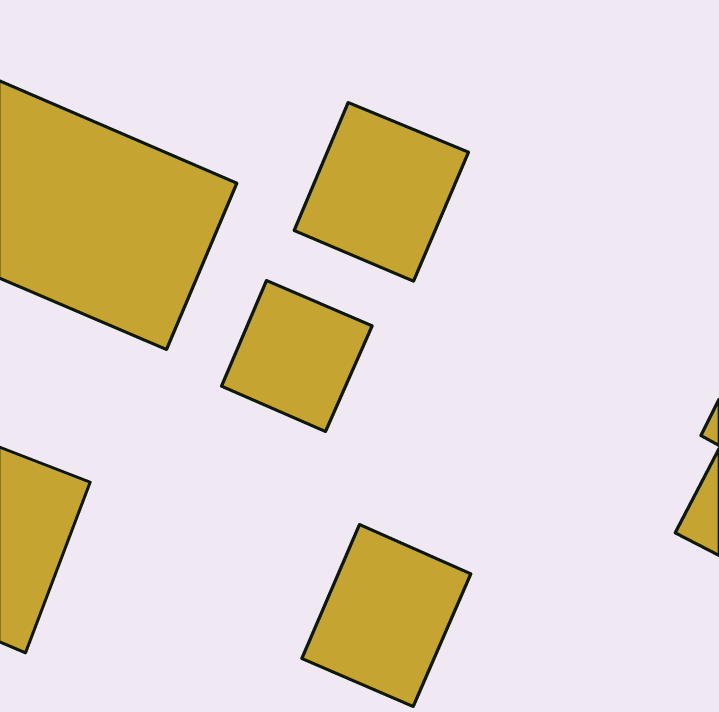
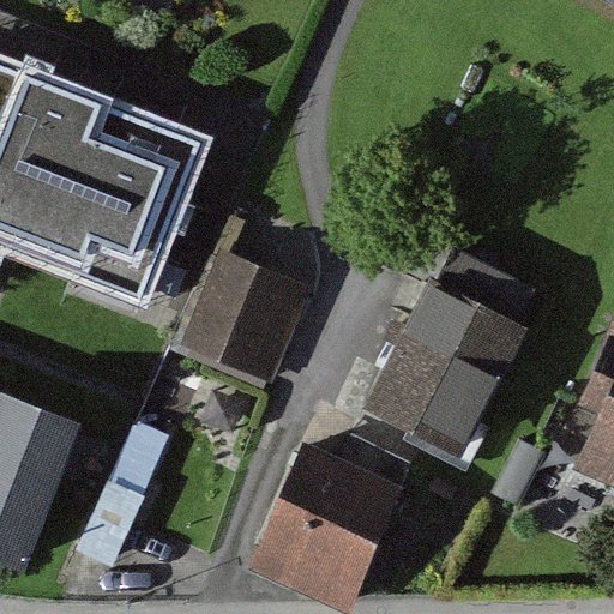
building: [294,102,469,281] -> none
building: none -> [360,282,528,462]

